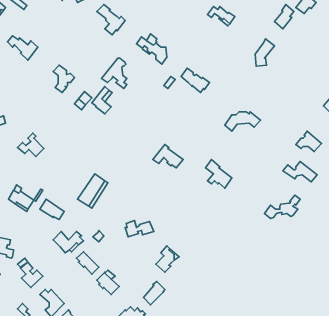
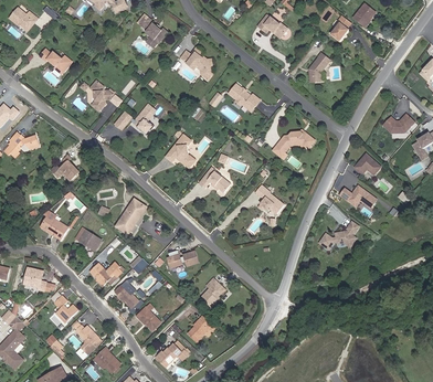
building: [102,58,127,89] -> [165,135,192,168]

